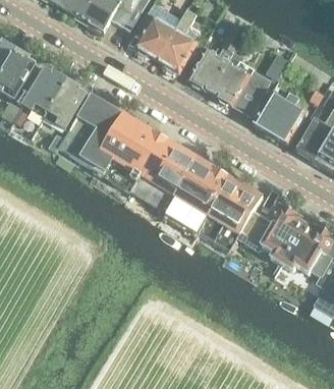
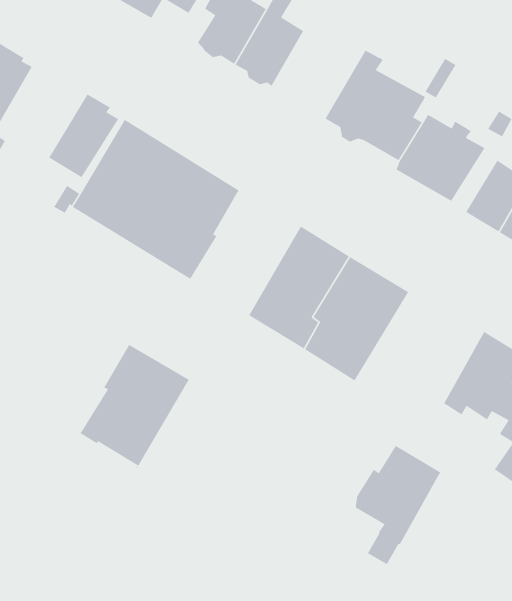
building: [189,30,242,92] -> none
building: [22,66,68,115] -> none
building: [130,134,197,210] -> [80,344,190,469]
building: [255,203,307,275] -> [355,445,441,565]

